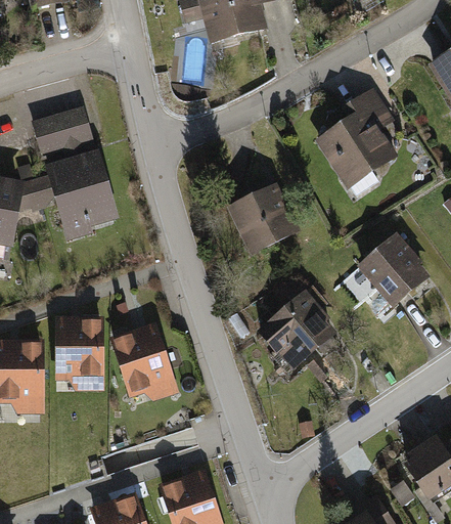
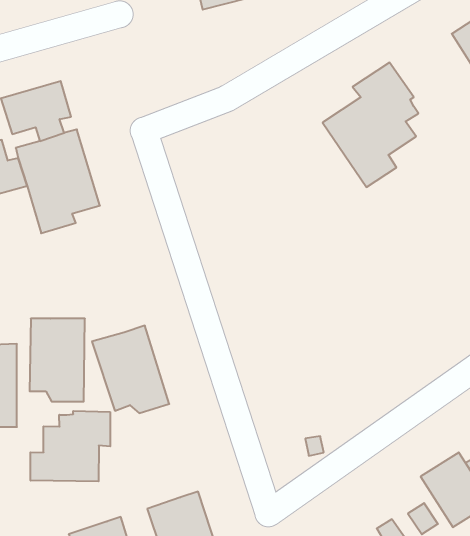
building: [226,181,300,254] -> none
building: [356,231,430,308] -> none
building: [258,288,336,368] -> none
building: none -> [30,411,110,481]

